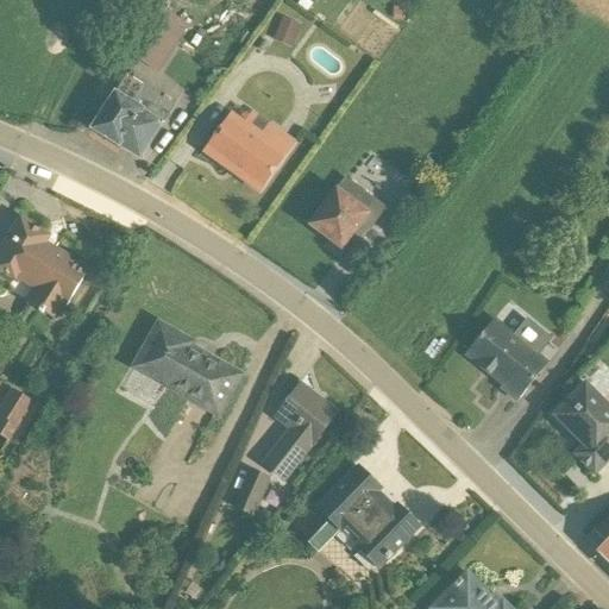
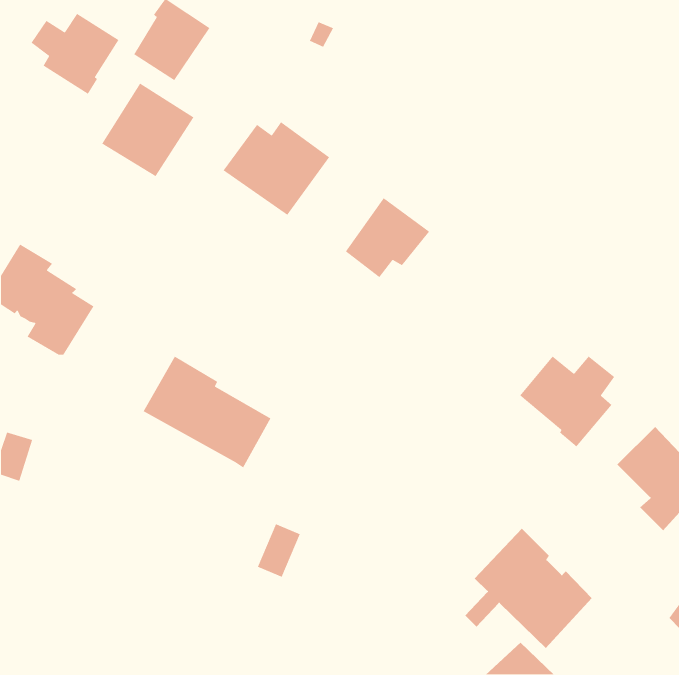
building: none -> [30,13,119,95]
building: [260,379,339,482] -> none
building: [307,463,421,571] -> [465,528,592,649]

